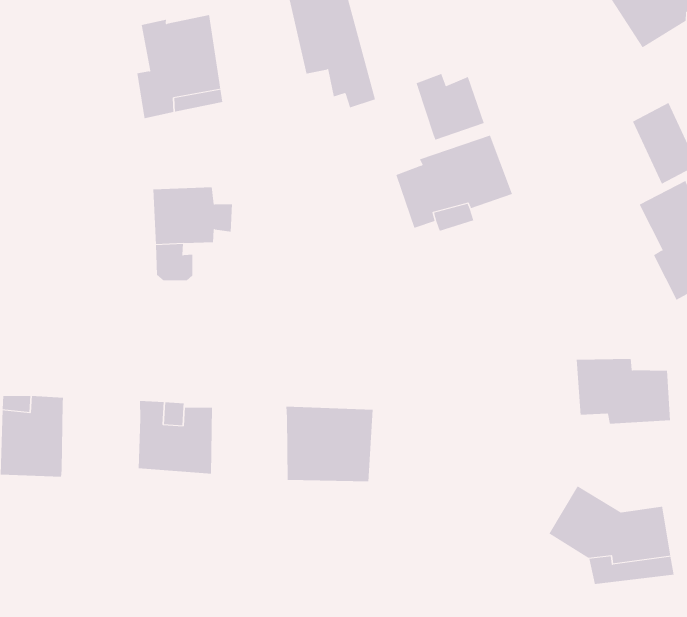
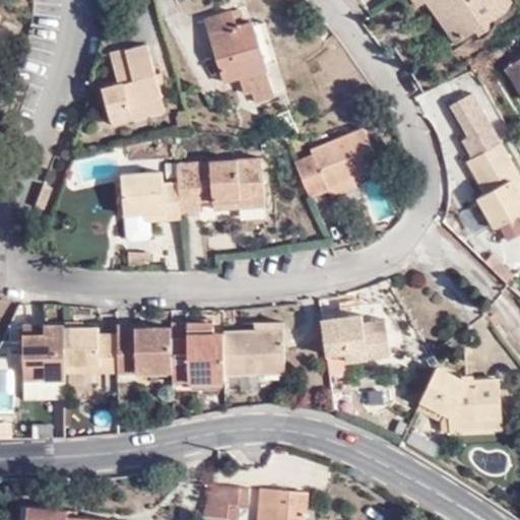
building: [416,73,485,141] -> none
building: none -> [176,155,263,213]
building: [576,358,671,424] -> [320,312,390,360]
building: none -> [171,321,226,381]
building: none -> [64,331,120,379]

